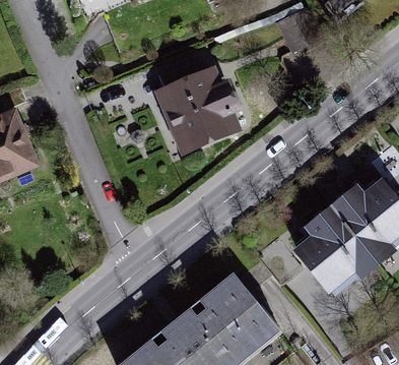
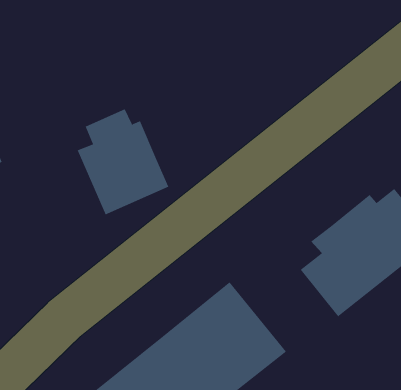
building: [156,57,236,148] -> [77,109,169,215]

